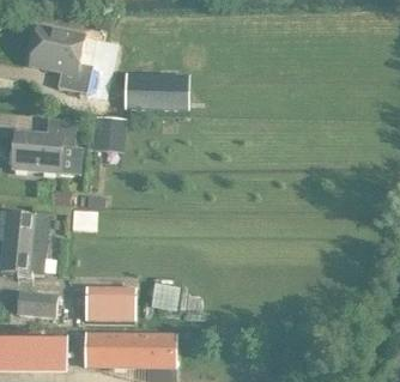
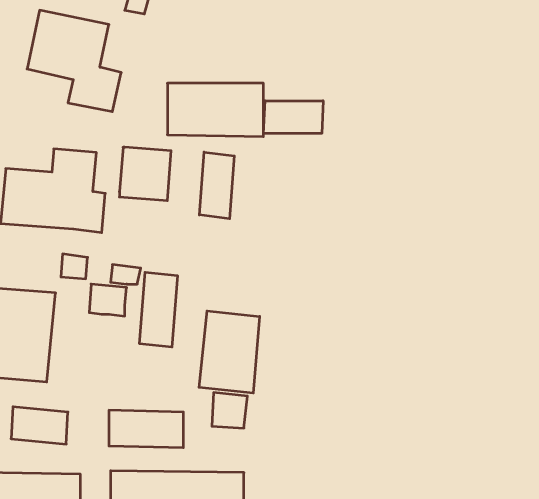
building: none -> [264,101,323,133]
building: none -> [199,152,234,219]
building: none -> [140,272,177,347]
building: none -> [199,311,260,393]

